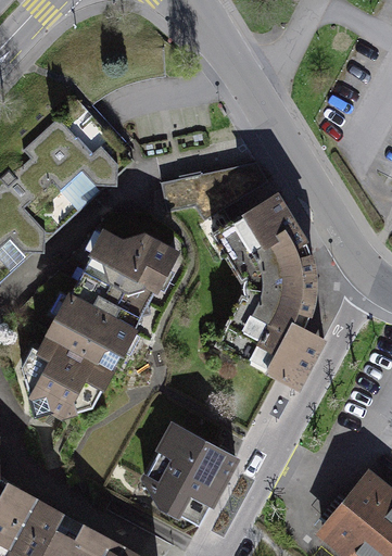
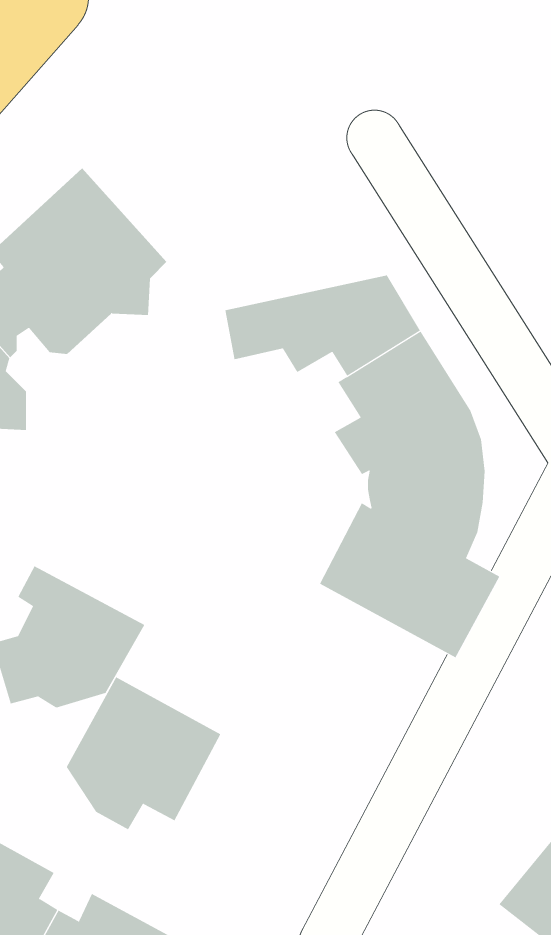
building: [50,236,177,368] -> none
building: [144,426,236,516] -> [66,677,221,830]

